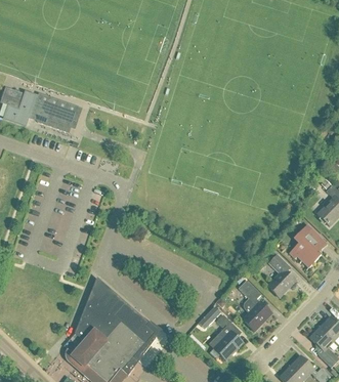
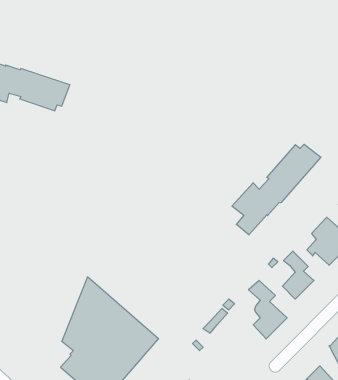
building: none -> [232,144,321,235]
building: [213,314,243,360] -> none

